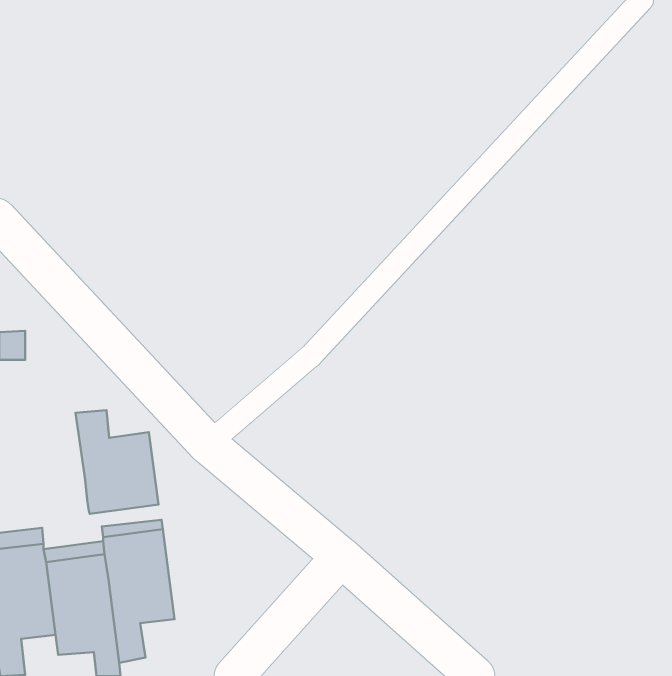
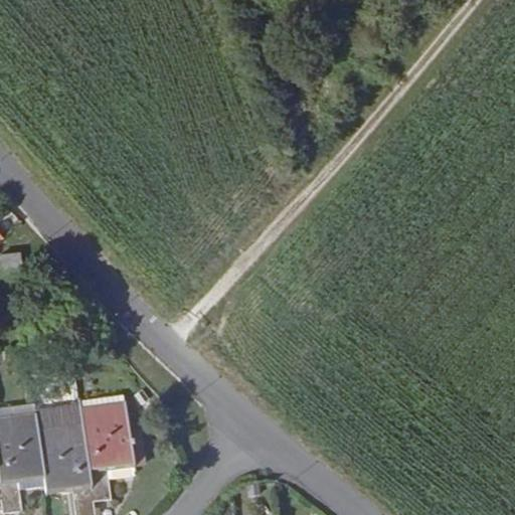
building: [75,410,159,514] -> none

